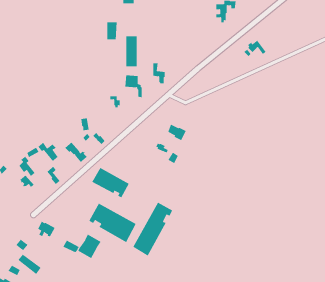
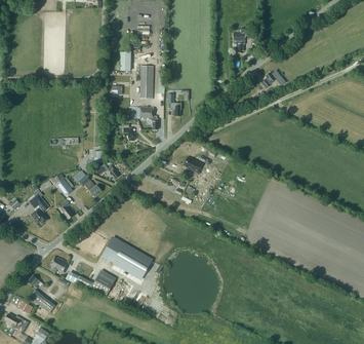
building: [92,167,130,198] -> none
building: [132,202,173,257] -> none

